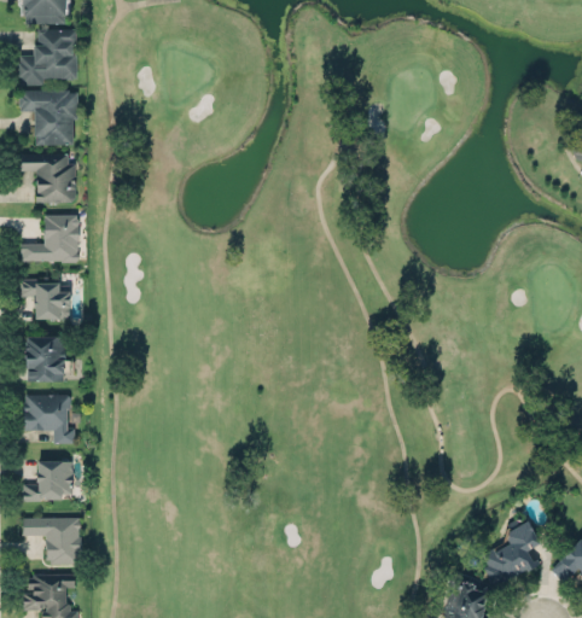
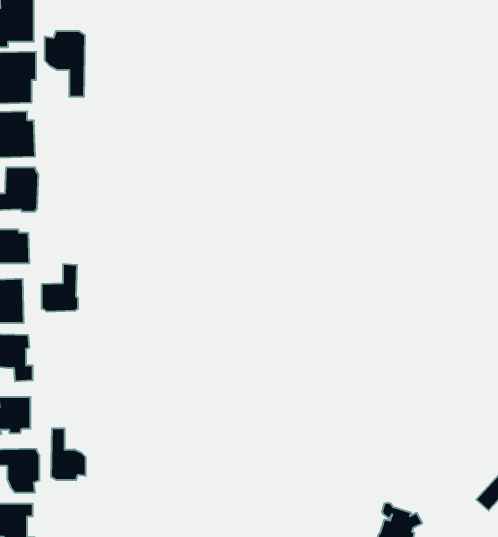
building: none -> [45,31,85,97]
building: none -> [42,264,78,312]
building: none -> [51,428,86,480]
building: [482,517,543,590] -> none

